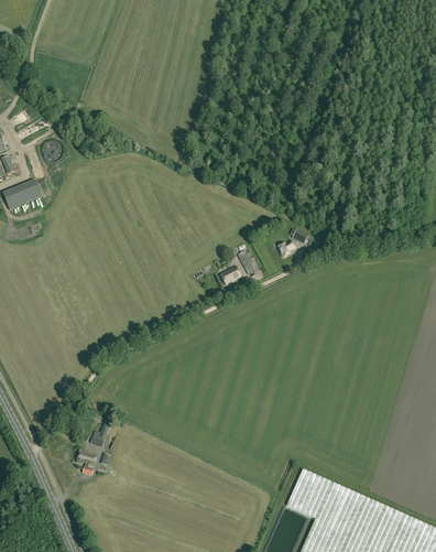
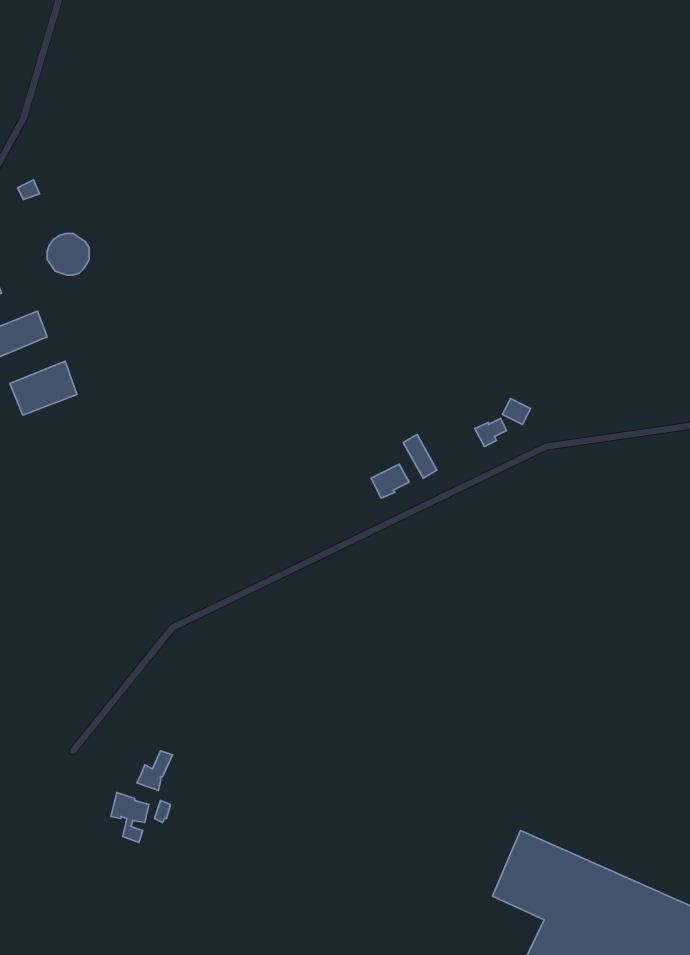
building: none -> [10,361,77,415]

